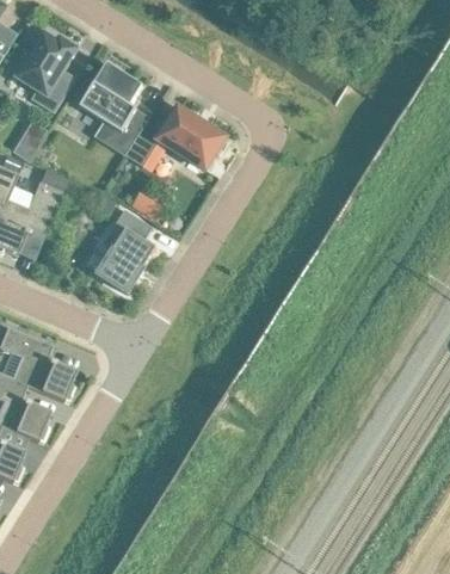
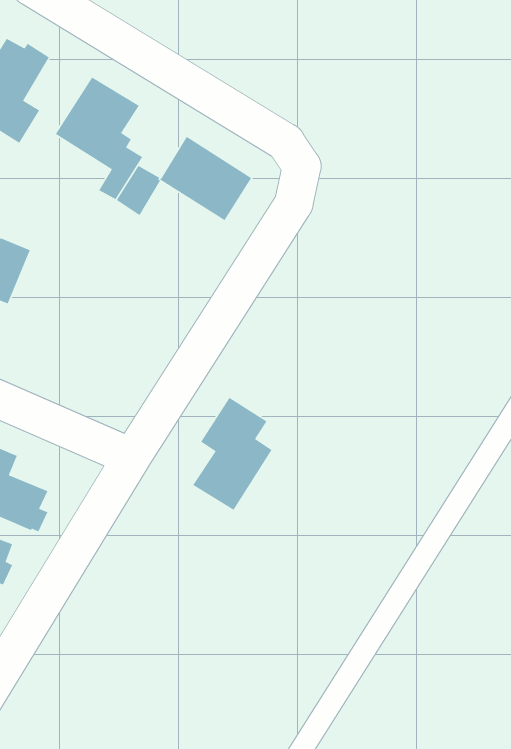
building: [95,206,155,291] -> [192,397,272,511]

